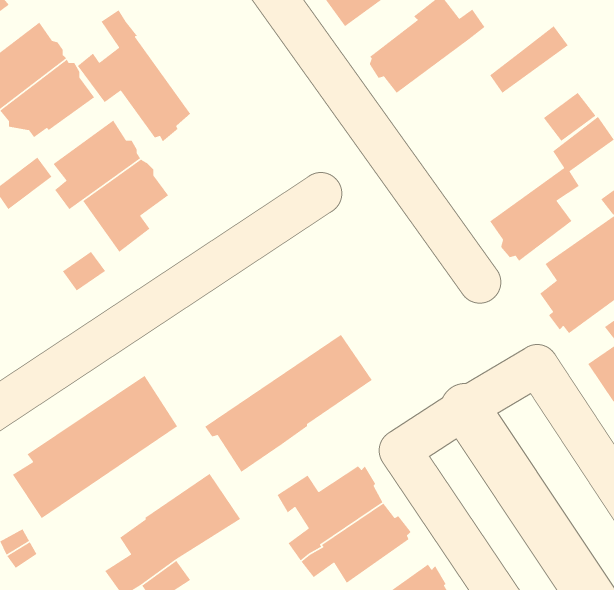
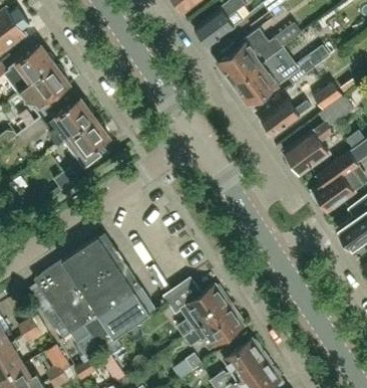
building: [77,9,191,142] -> none
building: none -> [235,54,284,105]
building: none -> [261,101,312,137]
building: [204,334,373,473] -> [42,264,133,340]

